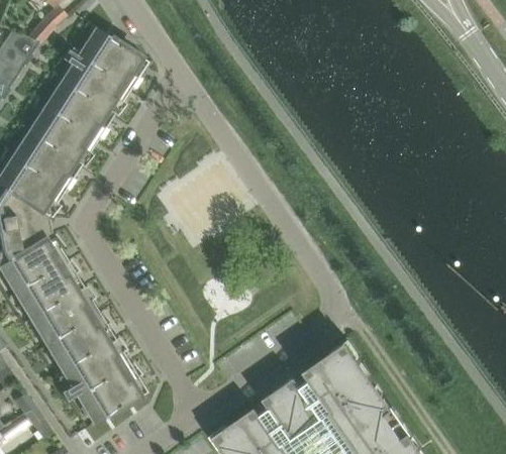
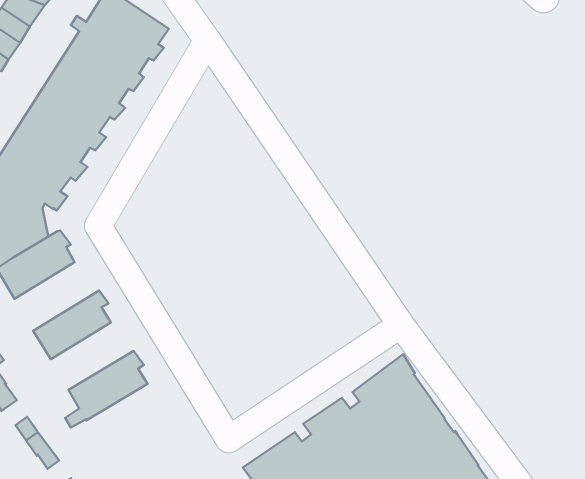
building: [13,260,81,321] -> none
building: [44,312,112,371] -> none
building: [75,363,143,425] -> none

